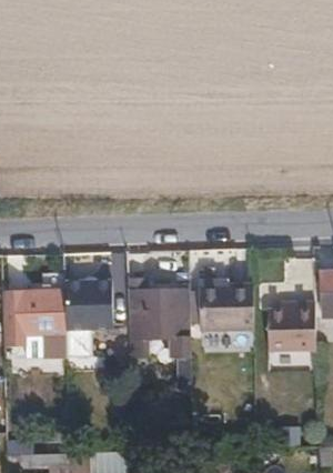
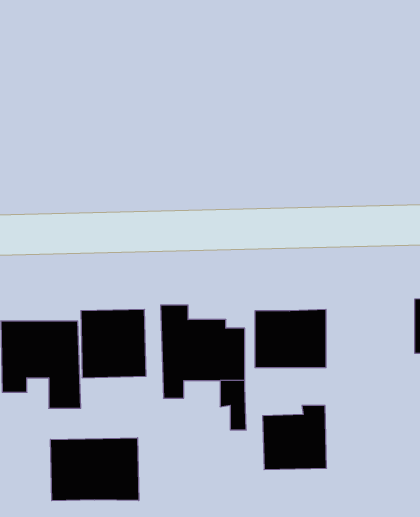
building: [265,302,314,351] -> [263,406,327,470]
building: none -> [51,438,139,501]

